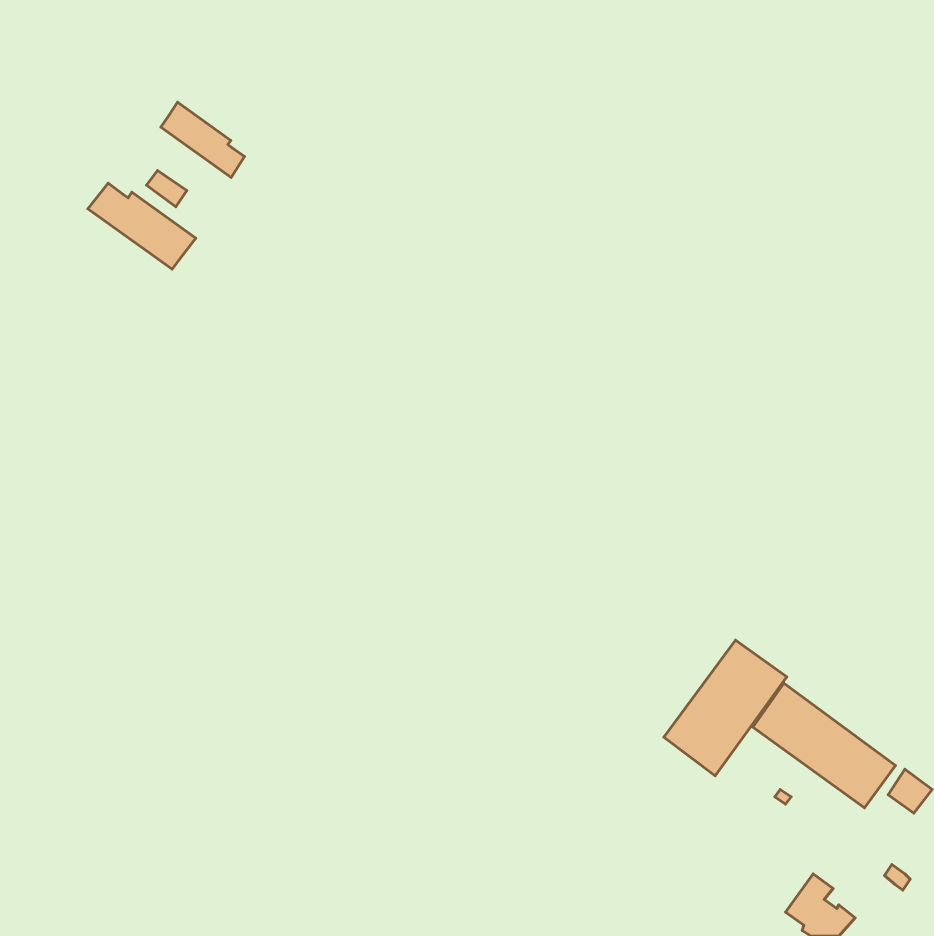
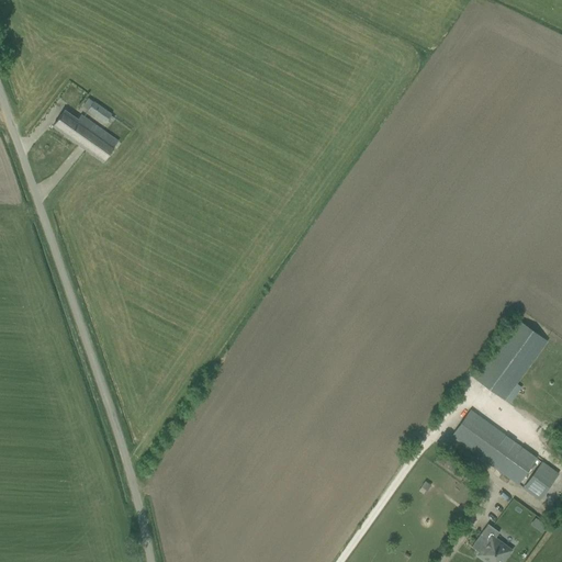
building: [161,102,245,178] -> none
building: [664,640,787,776] -> [475,319,549,401]

